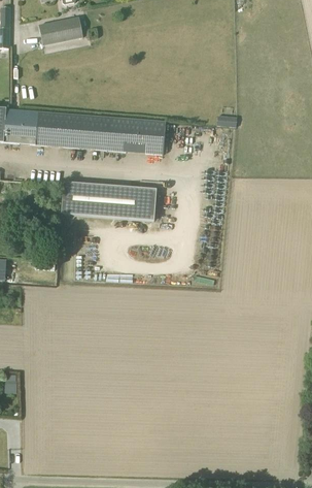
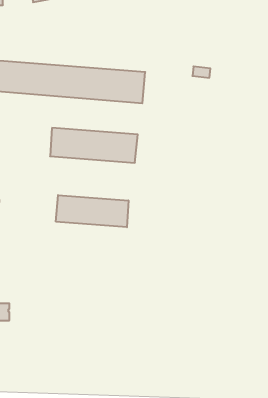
building: none -> [56,195,128,227]

